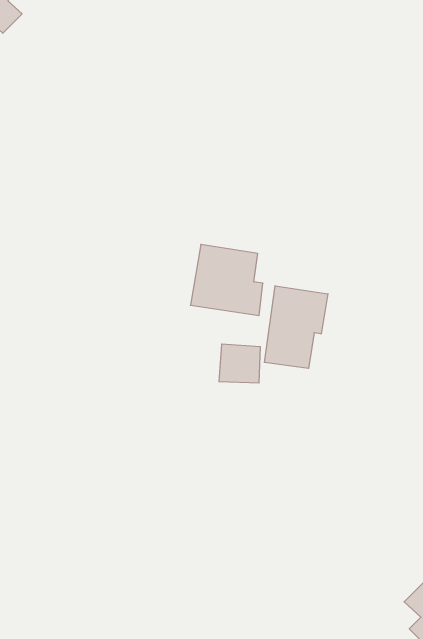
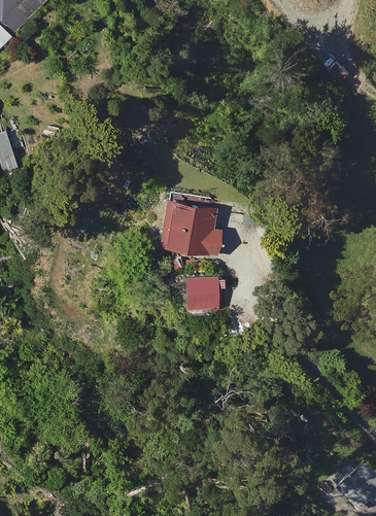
building: [264,286,328,368] -> none

